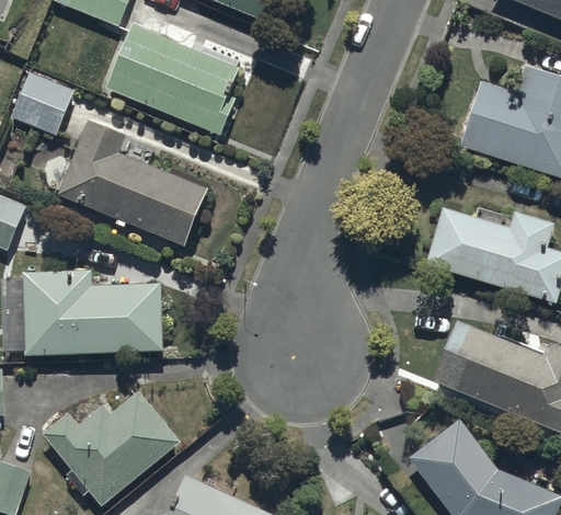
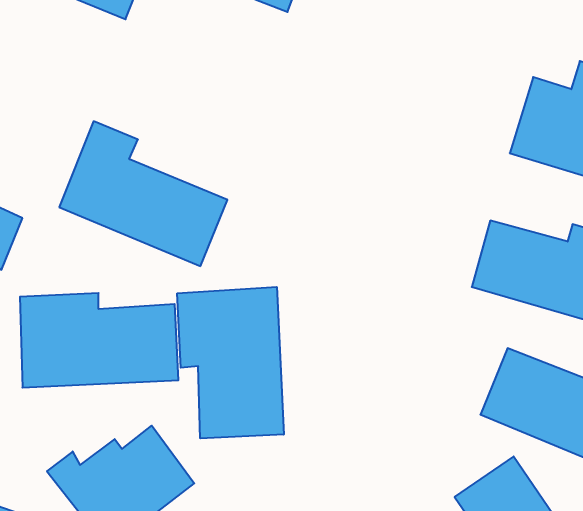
building: [105,24,237,136] -> none
building: [11,71,72,134] -> none
building: none -> [177,287,284,438]

